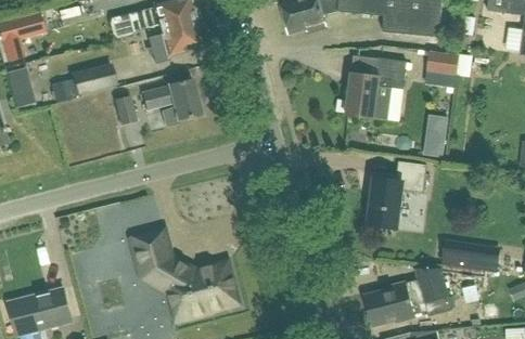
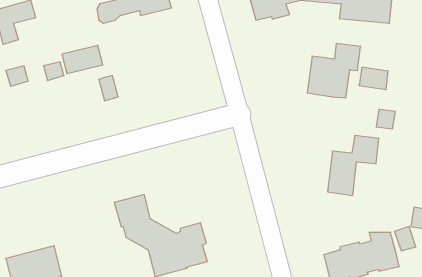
building: [148,19,201,62] -> none
building: [426,49,459,74] -> [359,67,388,89]
building: [140,78,199,126] -> none

